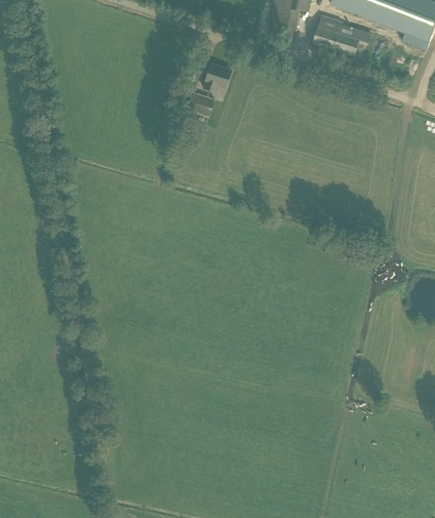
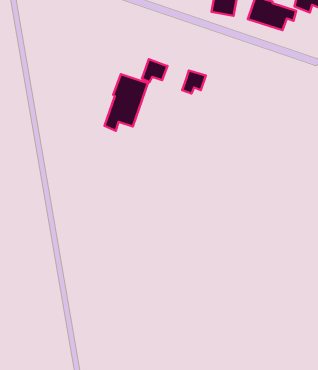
building: [203,63,232,90] -> [182,71,206,93]
building: none -> [104,74,148,131]

